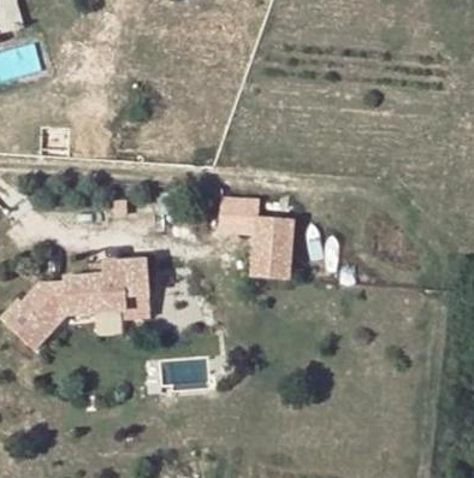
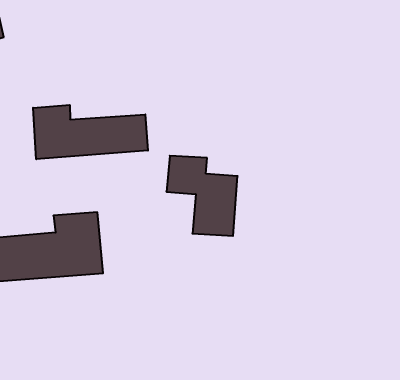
building: none -> [33,105,148,159]

